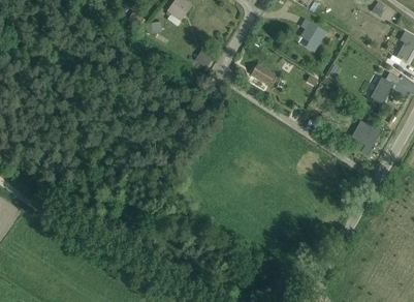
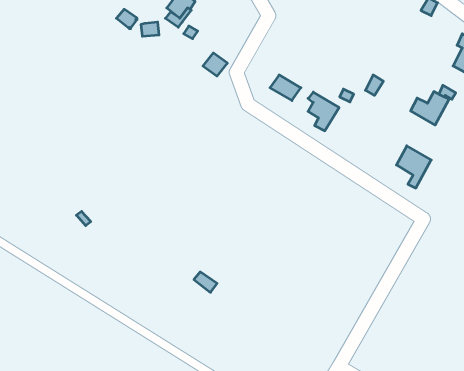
building: [301,20,326,51] -> [308,92,339,131]

